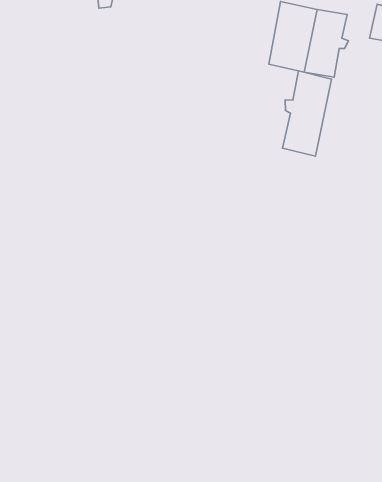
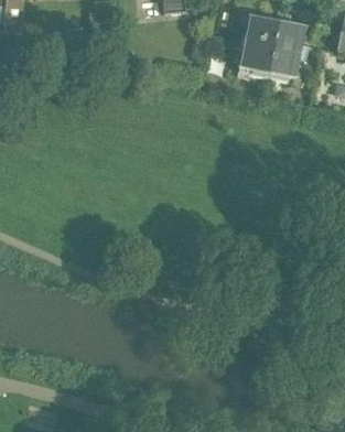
building: [283,71,332,156] -> none

